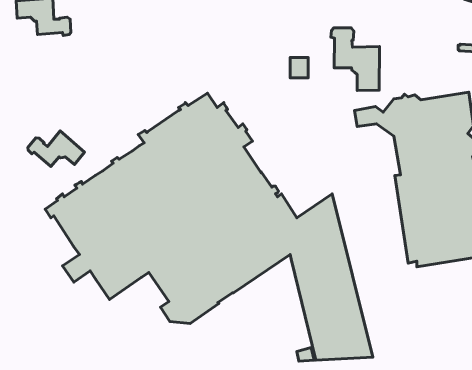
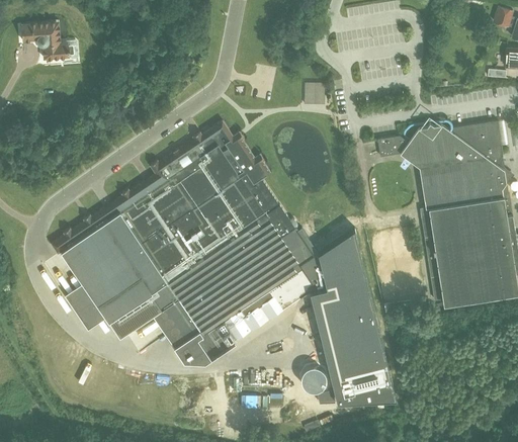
building: [331,28,380,90] -> none
building: [28,131,85,166] -> none

